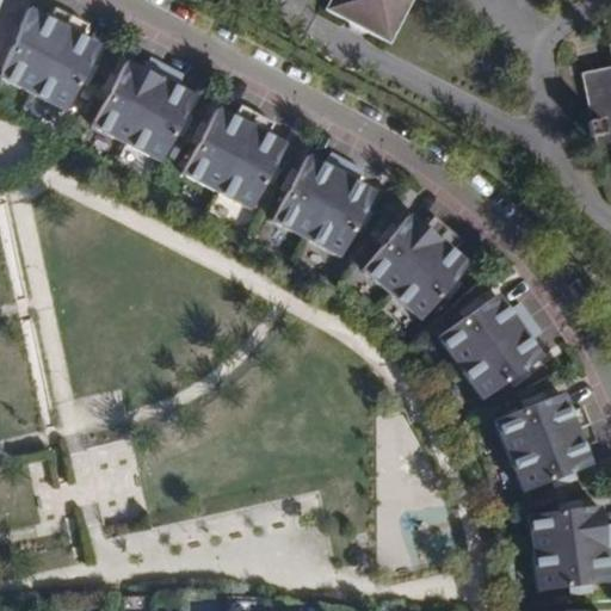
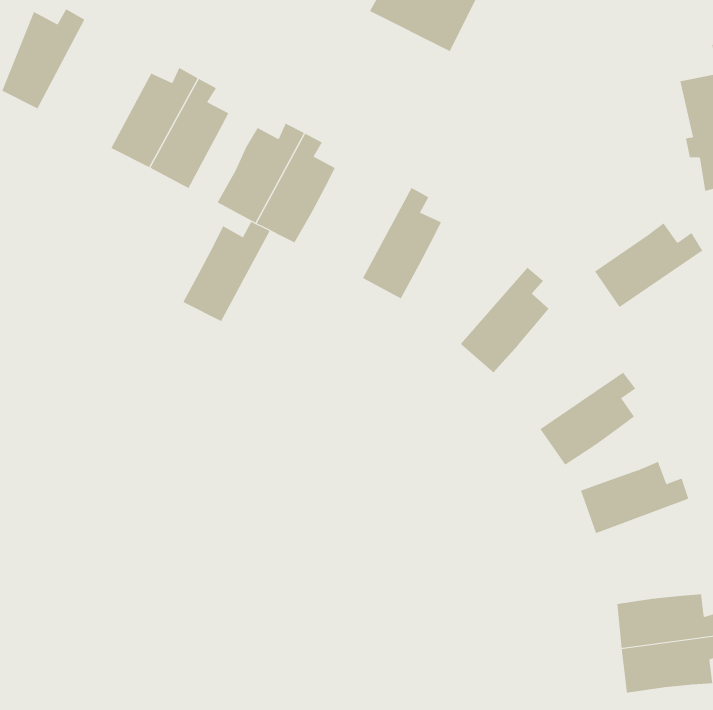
building: [33,17,100,111] -> none
building: [277,152,352,237] -> [182,221,271,322]
building: [365,214,451,294] -> none
building: [440,294,533,366] -> [594,223,703,308]
building: [510,426,597,492] -> none

